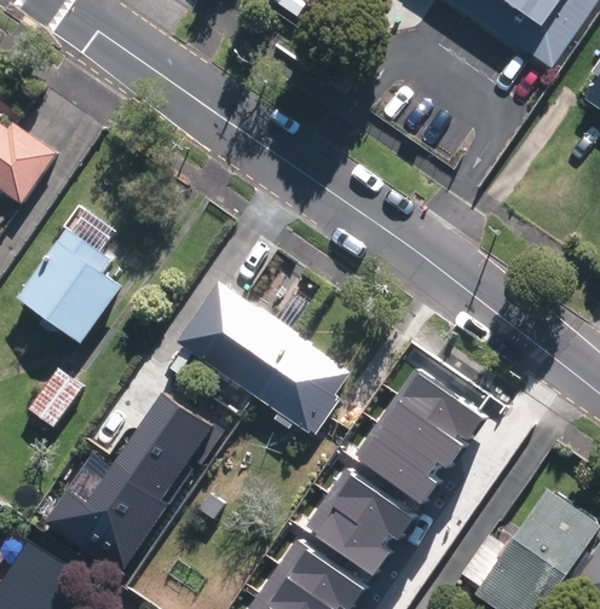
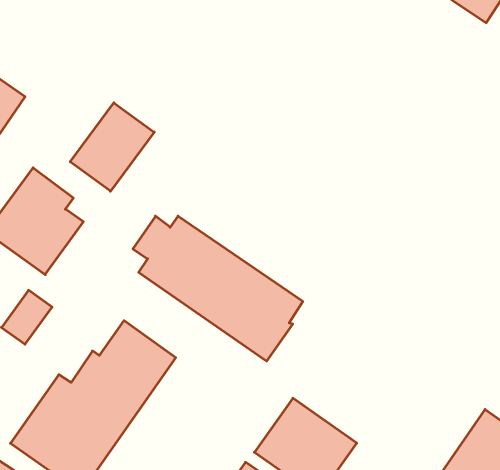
building: none -> [70,103,154,191]
building: [350,372,483,510] -> none

